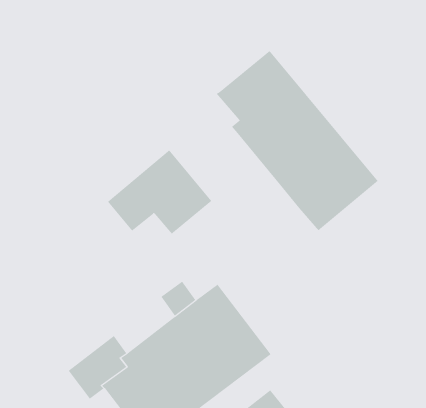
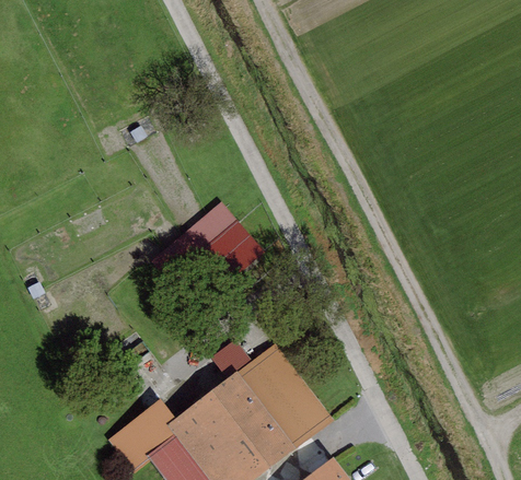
building: [216,50,379,231] -> none

